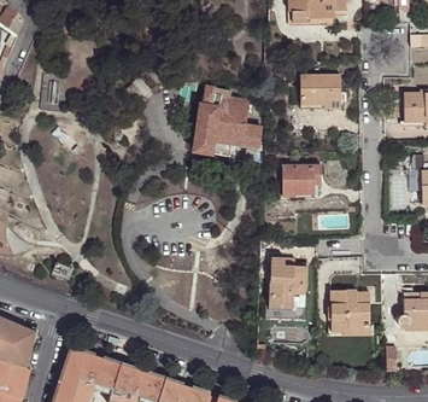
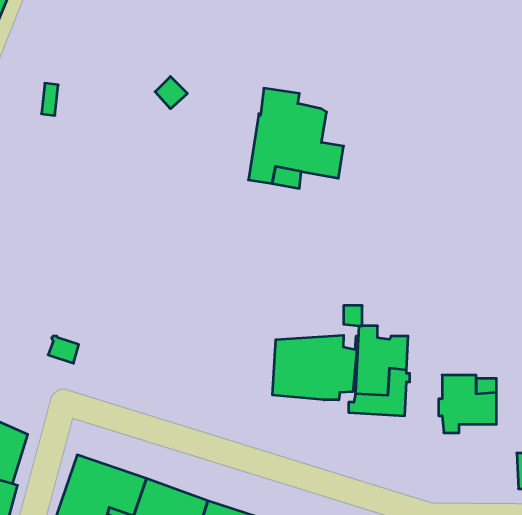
building: [300,71,341,109] -> none
building: [281,164,319,197] -> none
building: none -> [273,335,358,400]

